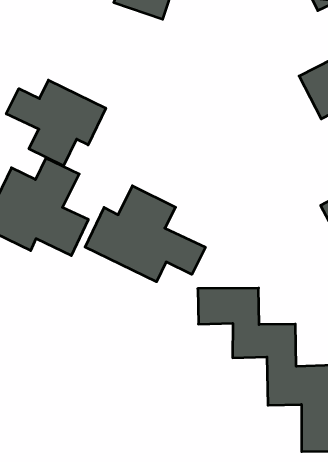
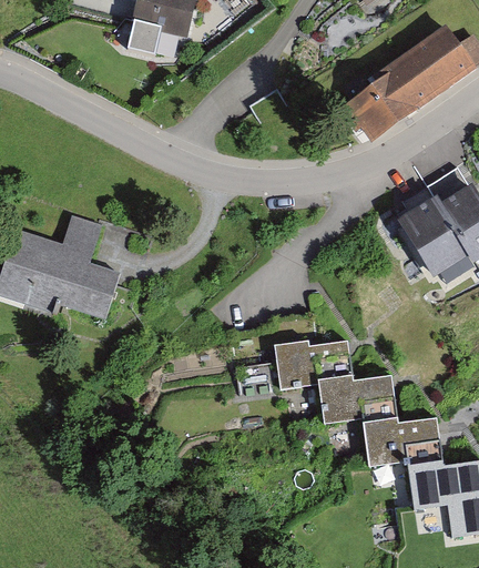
building: [6,80,106,166] -> none
building: [85,186,205,282] -> none

